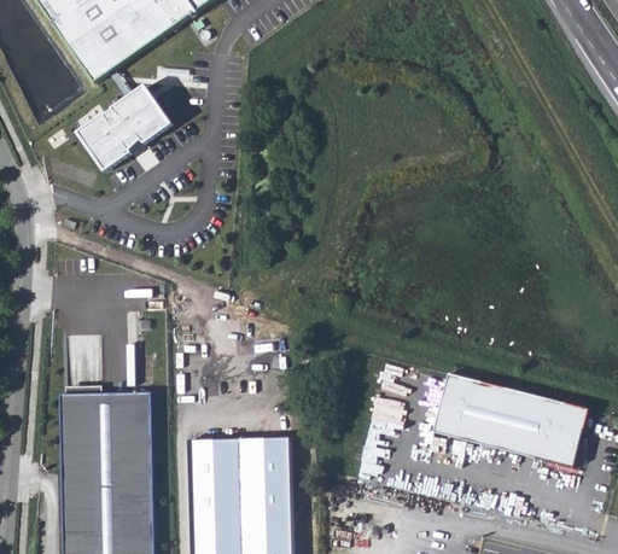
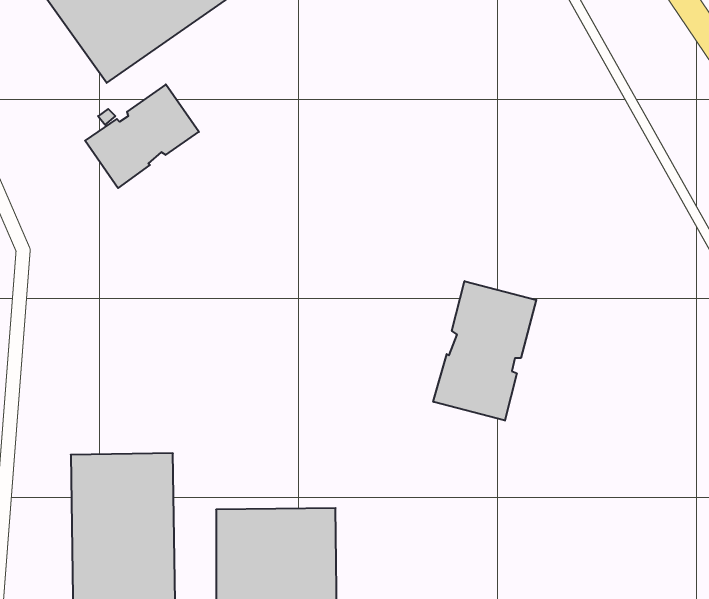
building: none -> [433,281,536,421]
building: [430,371,584,466] -> none

